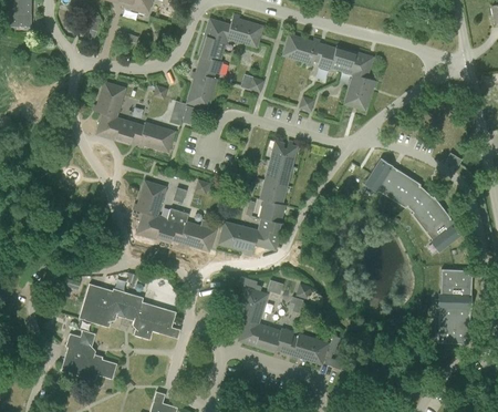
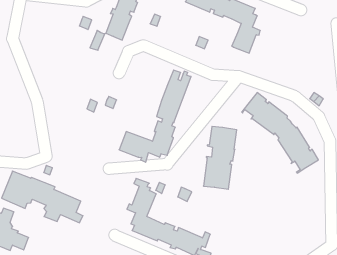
building: [92,82,175,153] -> none
building: [132,181,216,251] -> none
building: [437,269,471,344] -> [203,126,237,189]

